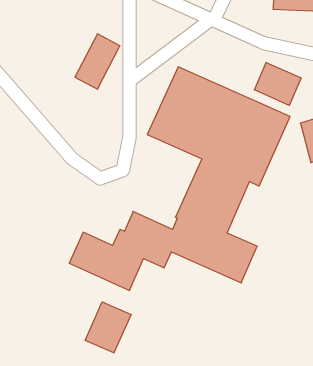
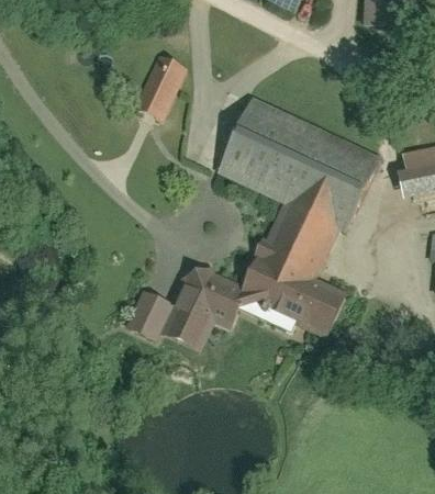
building: [254,62,301,105] -> none
building: [85,302,131,353] -> none

